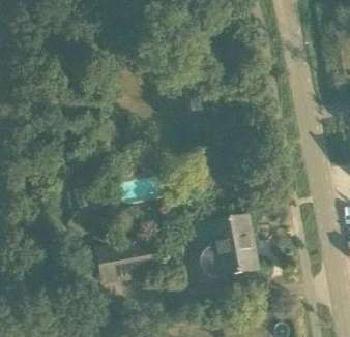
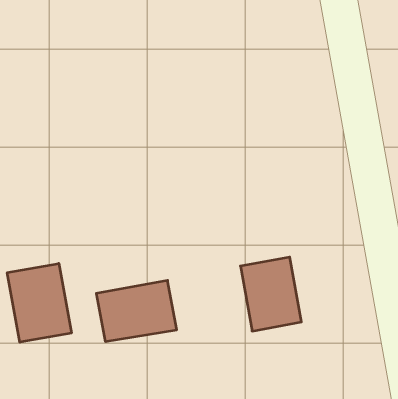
building: none -> [7,263,71,342]

